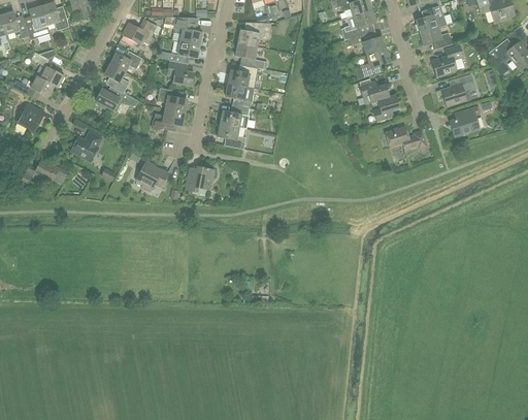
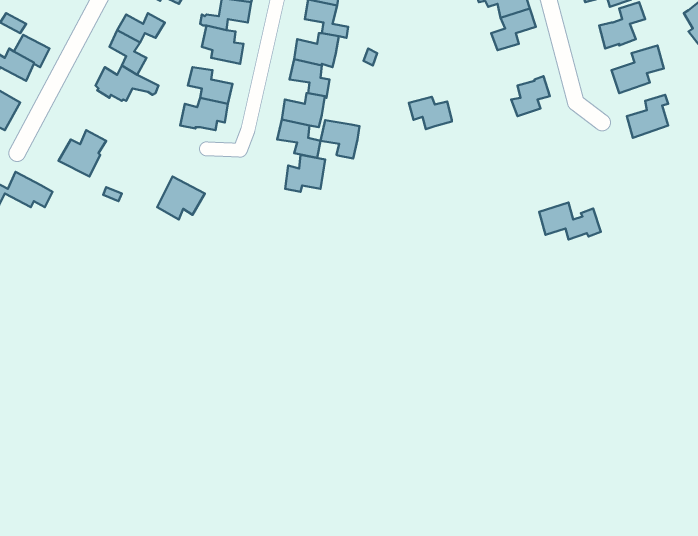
building: [360,80,389,102] -> [409,97,452,129]
building: none -> [320,120,360,159]
building: [386,126,427,151] -> [539,202,601,239]
building: [187,166,213,191] -> [285,155,325,192]

